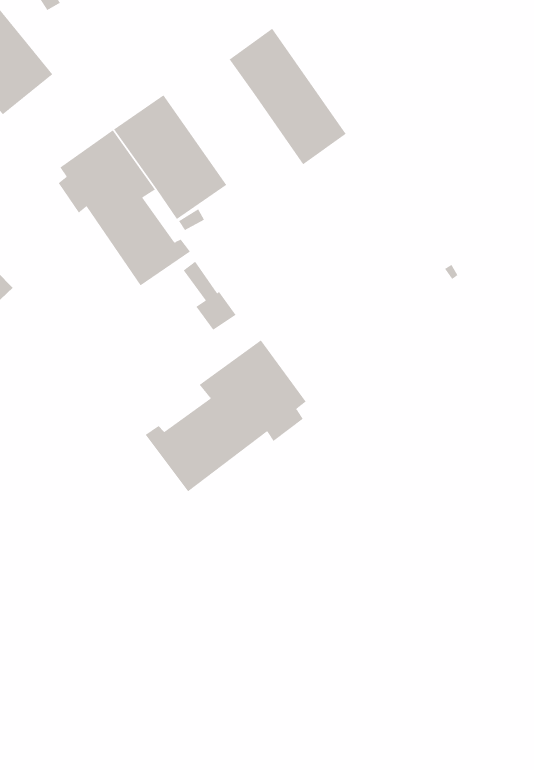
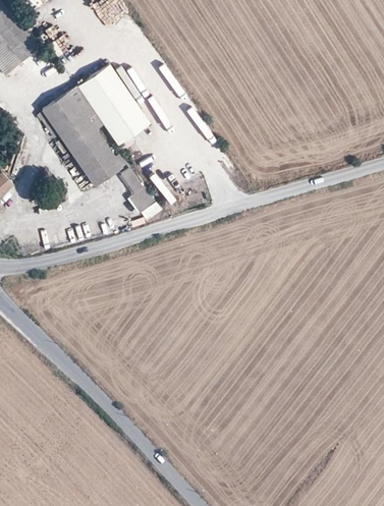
building: [229,28,347,165] -> none
building: [145,339,306,492] -> none

